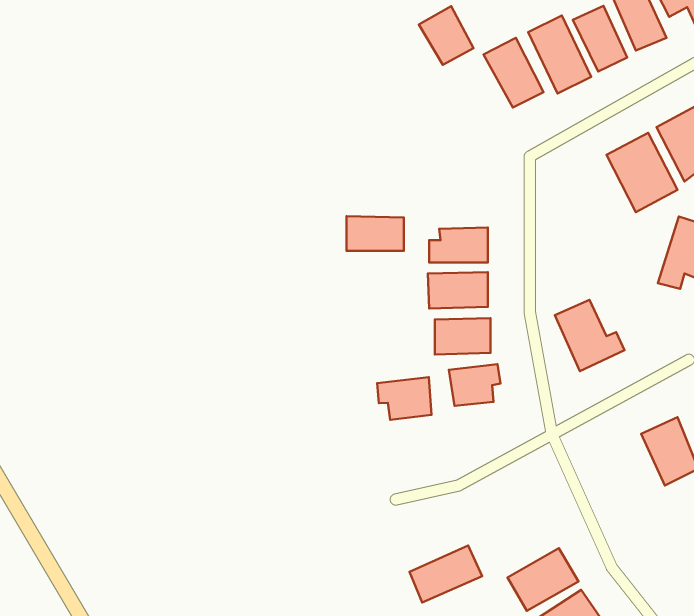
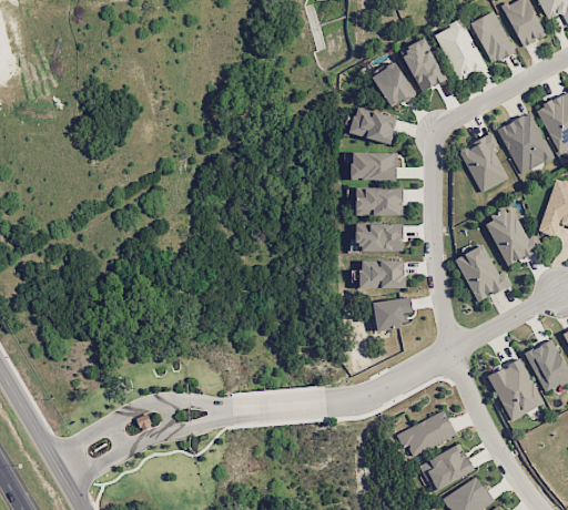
building: [419,6,473,65] -> [372,61,415,108]
building: none -> [349,106,397,144]
building: none -> [462,133,507,192]
building: [347,216,404,251] -> [352,152,397,180]
building: none -> [484,206,536,266]
building: [377,377,431,420] -> none
building: none -> [486,358,545,421]
building: [409,545,482,603] -> [398,410,456,456]

